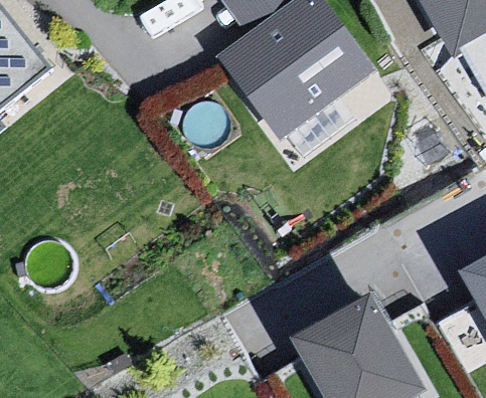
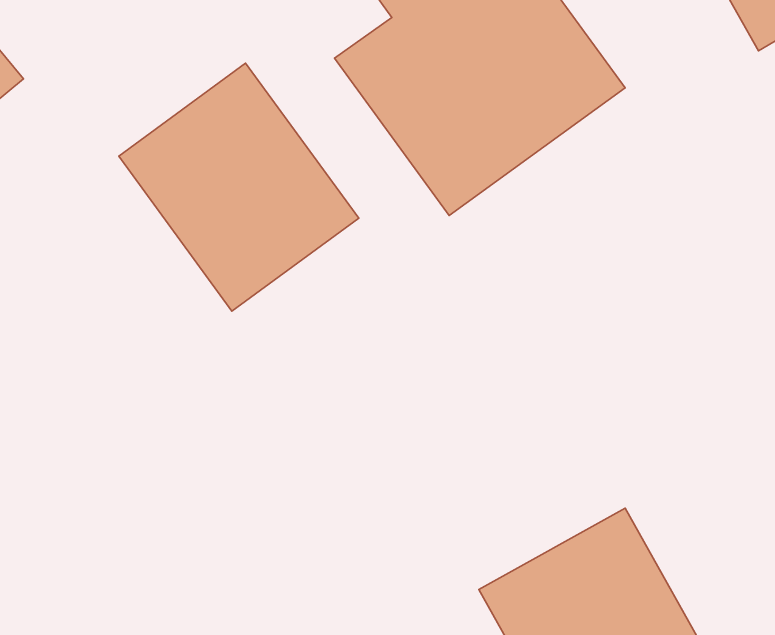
building: none -> [119,63,359,311]

